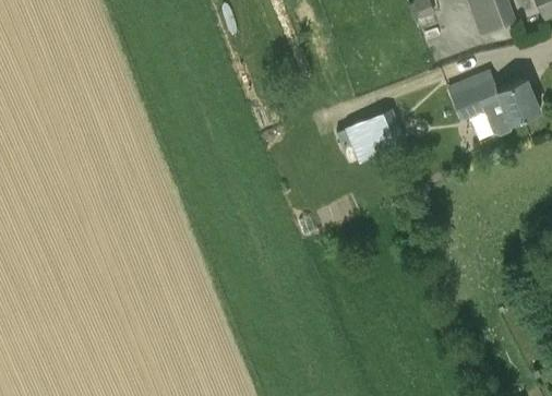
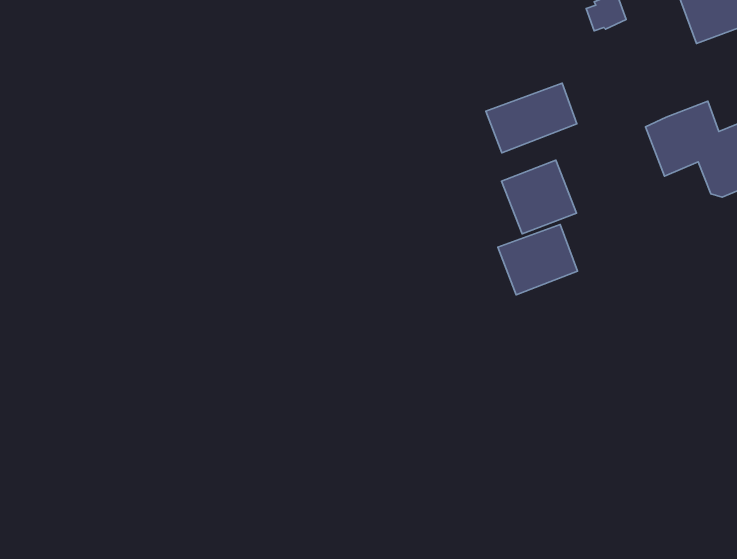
building: none -> [486,83,577,153]
building: none -> [498,224,577,295]

